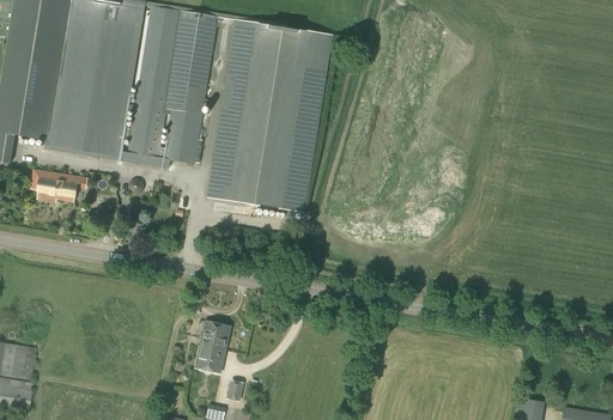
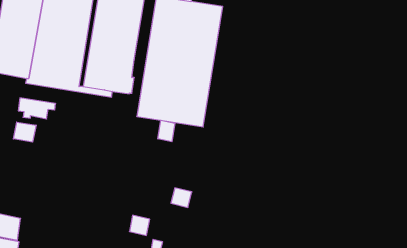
building: none -> [158,120,175,142]
building: none -> [13,122,36,142]
building: [200,321,231,349] -> [171,188,192,207]

